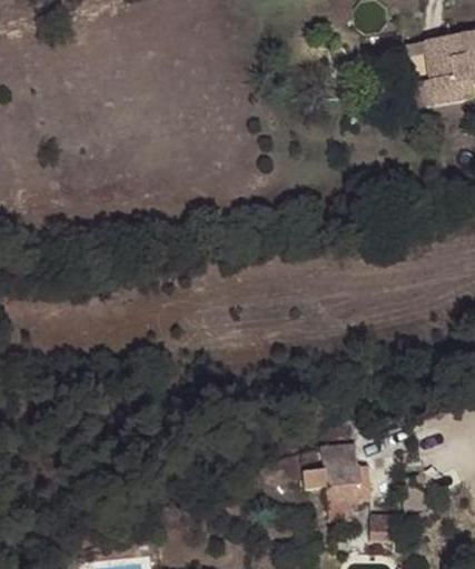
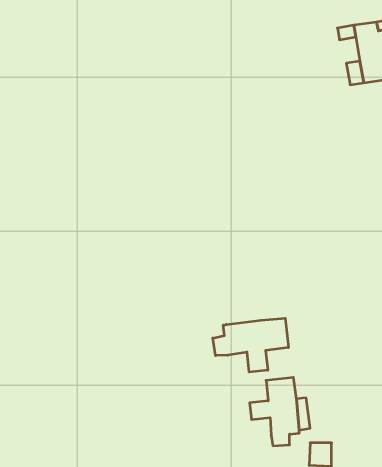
building: none -> [213,318,288,372]

